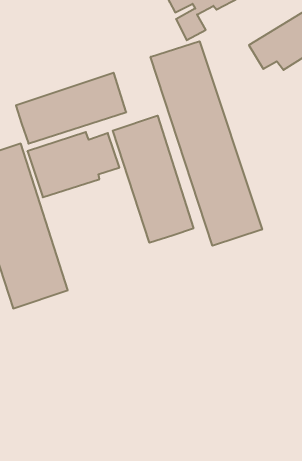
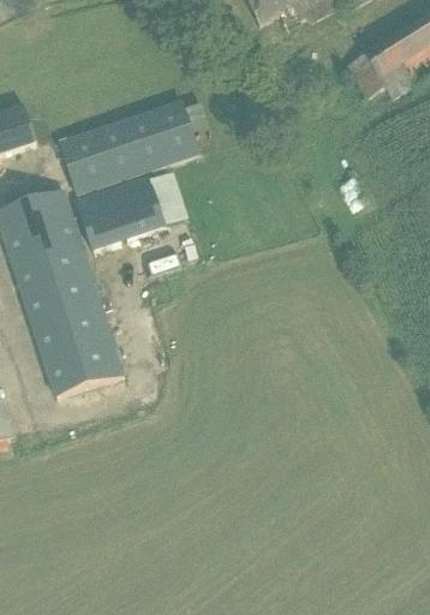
building: [151,41,262,246] -> none
building: [113,116,193,243] -> none

